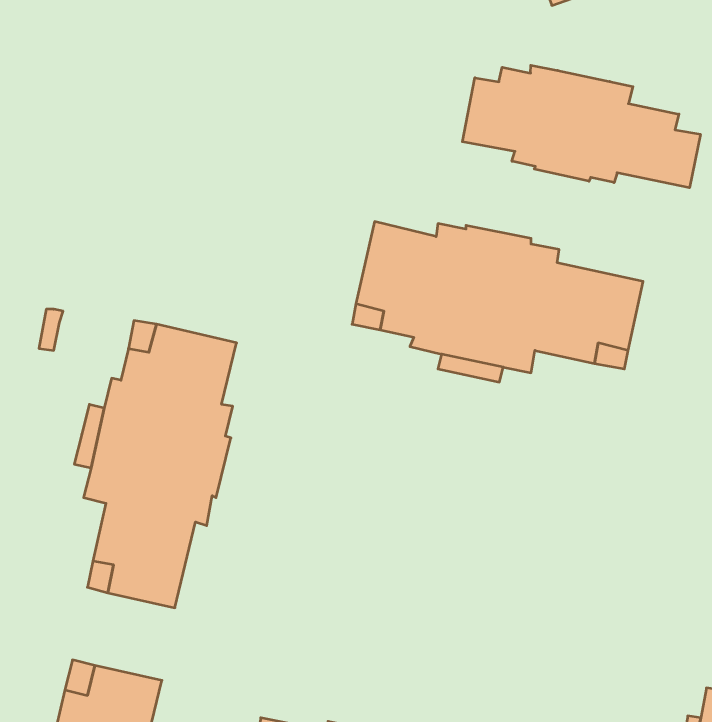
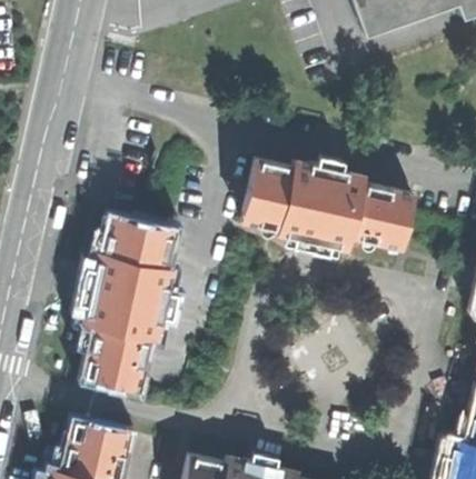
building: [462,65,700,188] -> none

